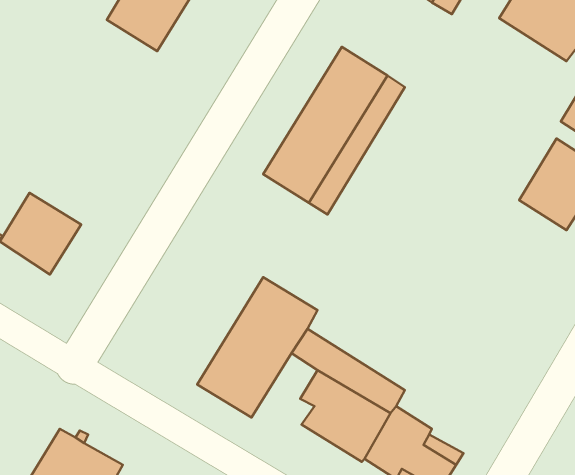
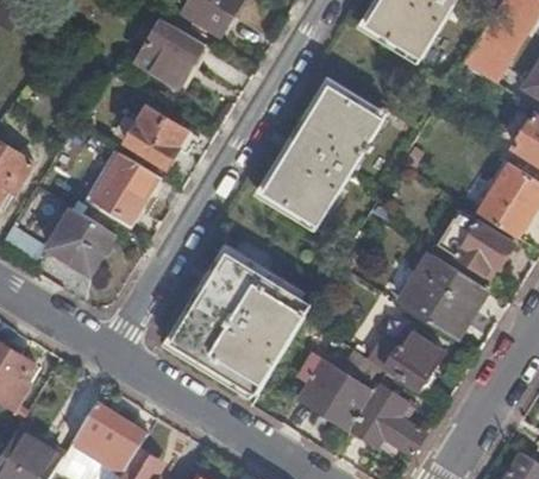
building: none -> [125,108,186,169]
building: none -> [90,153,158,222]
building: none -> [434,208,512,273]
building: none -> [171,253,264,366]
building: none -> [400,256,483,338]
building: none -> [384,333,440,389]

